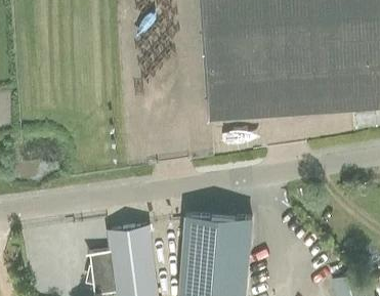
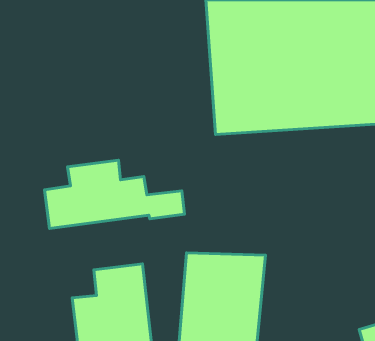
building: none -> [45,160,185,229]

